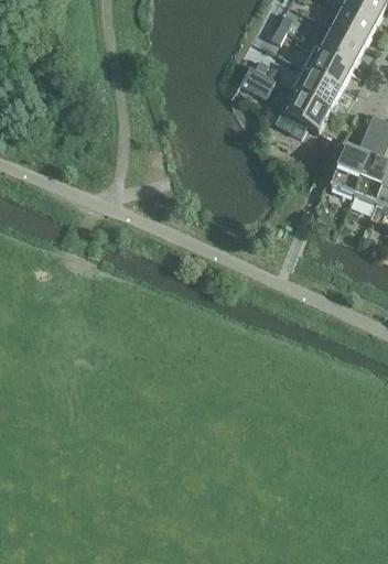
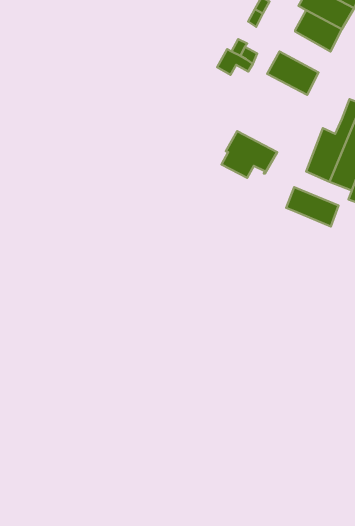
building: [303,46,354,89] -> none
building: [276,90,331,137] -> [221,131,277,178]
building: none -> [286,187,339,226]

